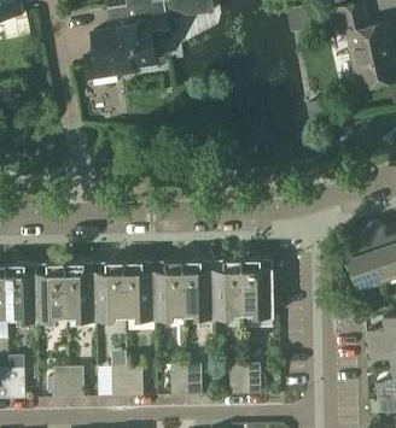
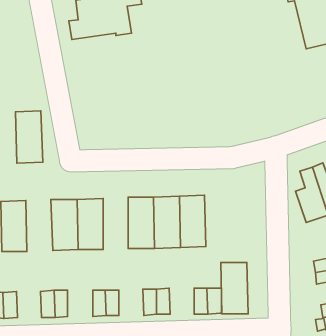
building: [241,257,273,316] -> [221,263,248,314]
building: [124,259,153,319] -> none
building: [35,262,66,322] -> [16,111,43,163]

